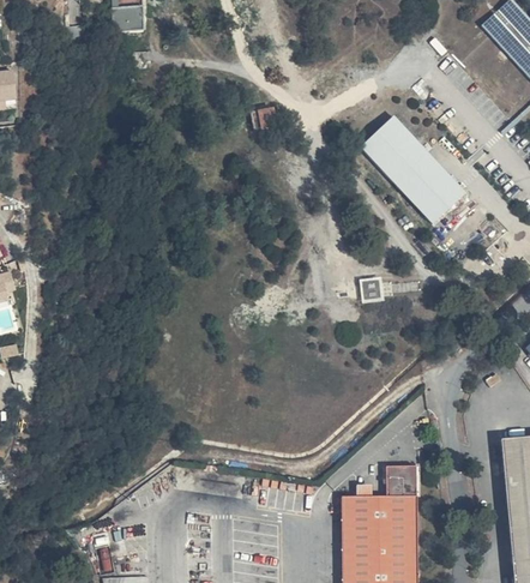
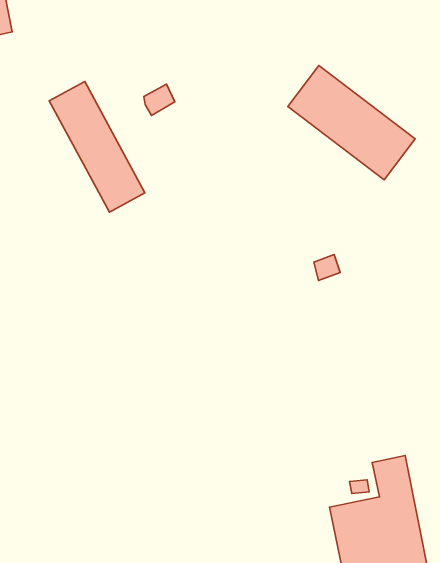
building: none -> [49,82,145,212]

